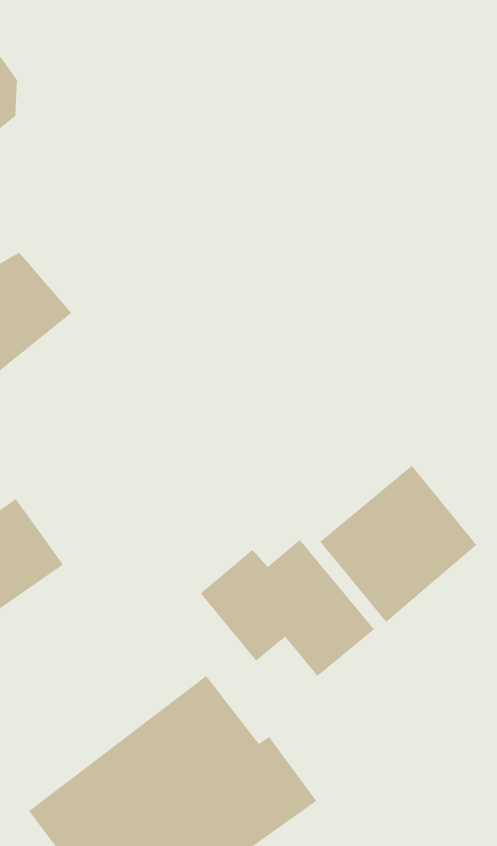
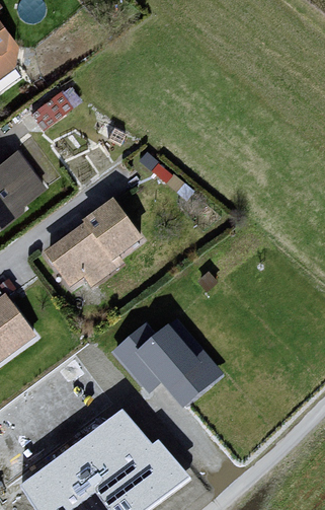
building: none -> [54,207,146,292]
building: [319,465,477,623] -> none

